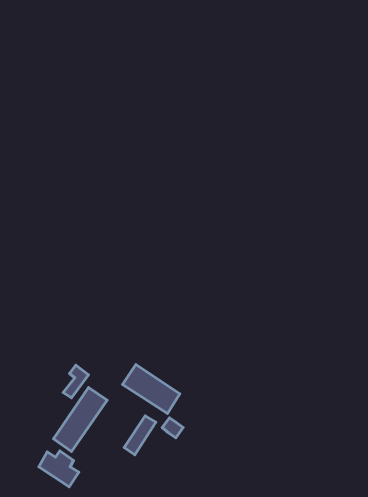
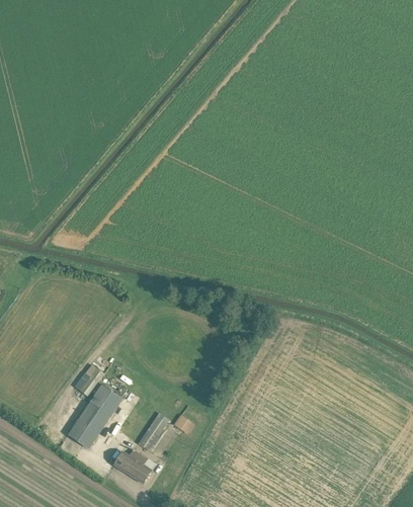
building: [123,364,180,413] -> none
building: [39,451,79,487] -> [112,449,151,484]

